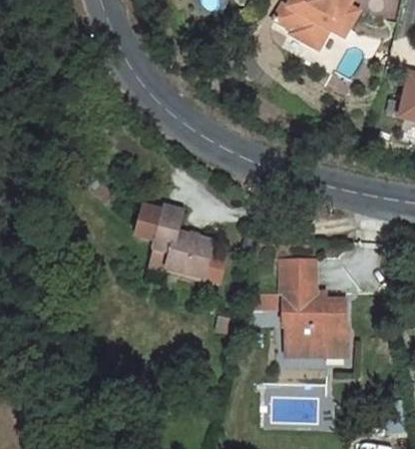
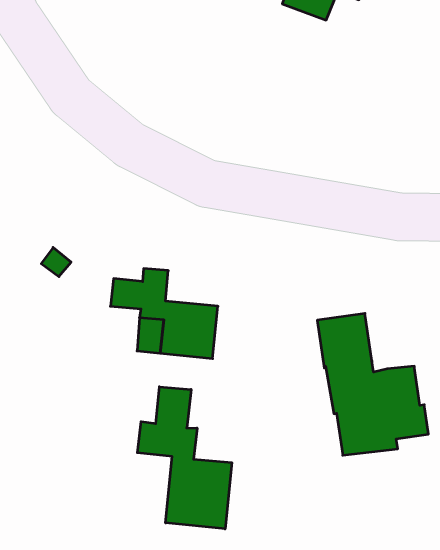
building: none -> [137,387,232,529]

